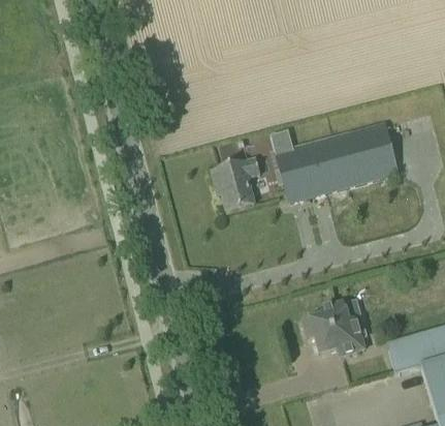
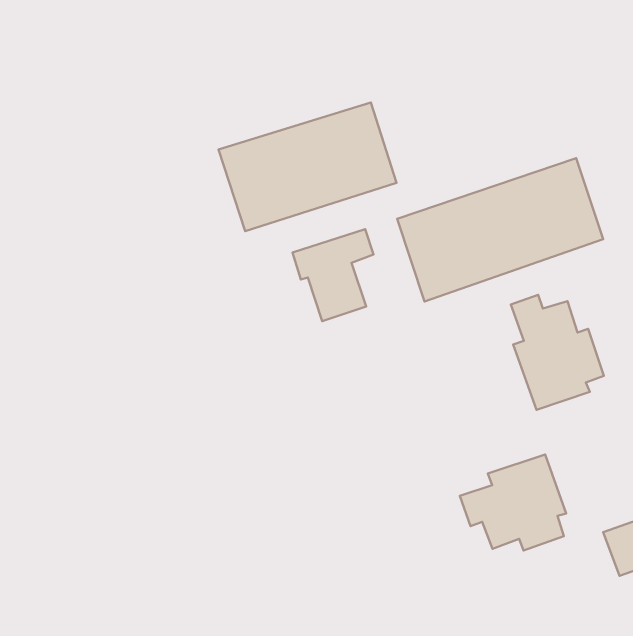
building: none -> [219,103,396,231]
building: none -> [511,295,604,410]

